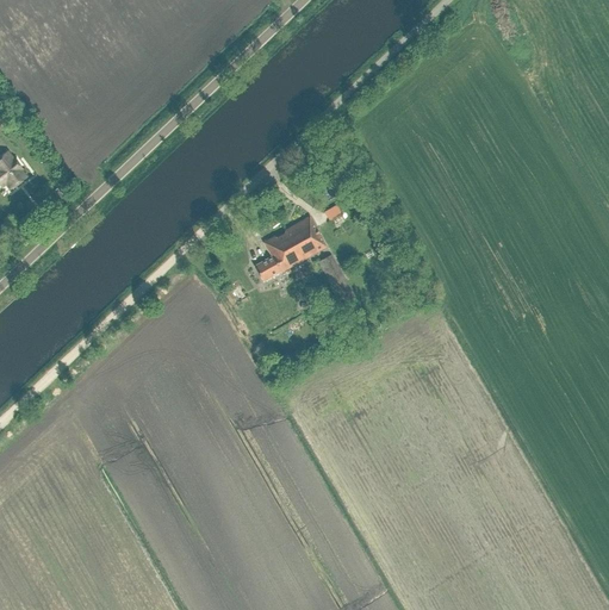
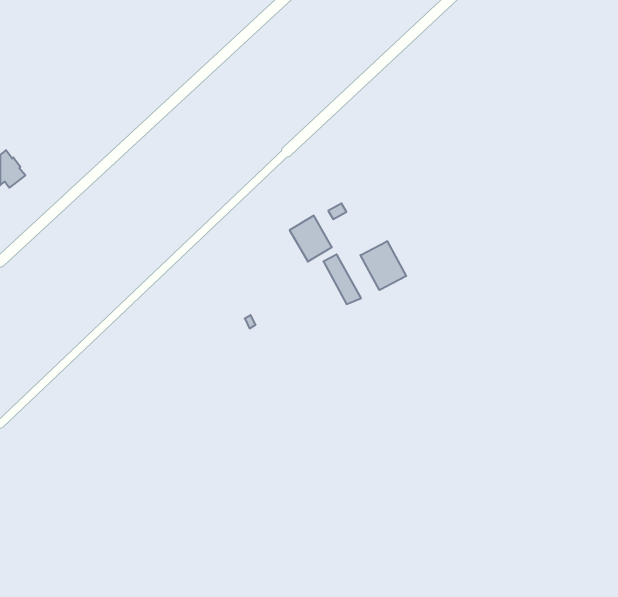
building: [254,230,303,281] -> none
building: none -> [360,241,406,290]

